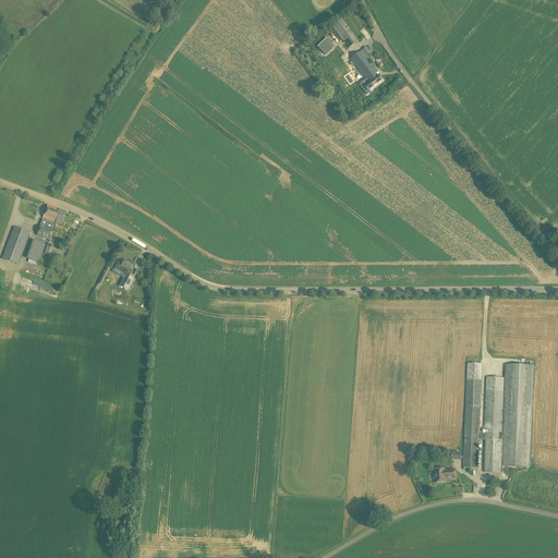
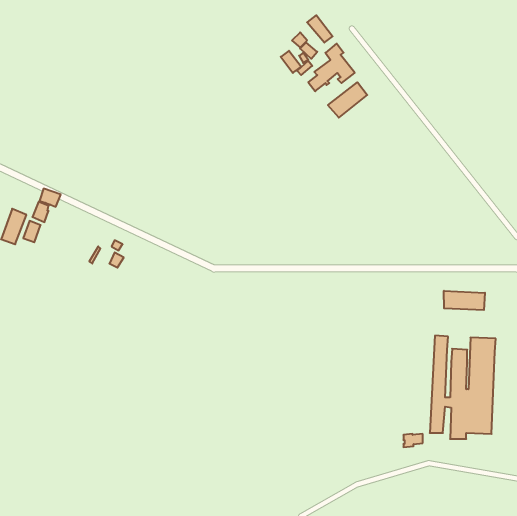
building: none -> [328,82,367,118]
building: none -> [444,291,485,310]

